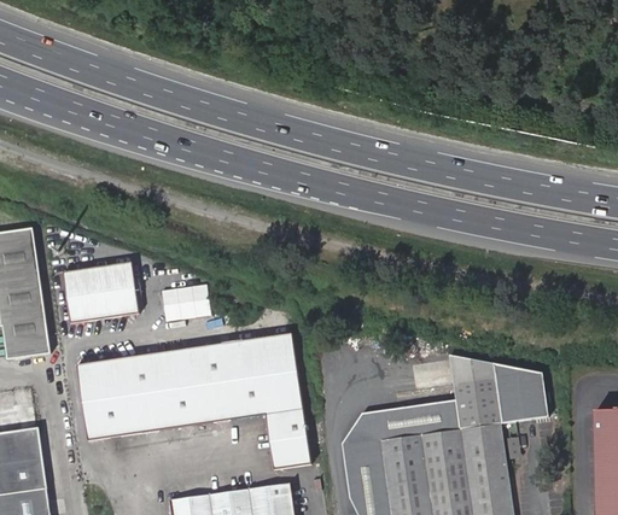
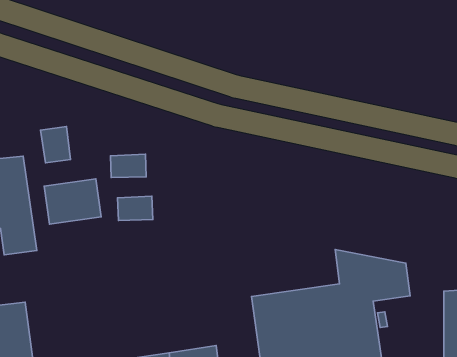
building: none -> [41,127,70,163]
building: none -> [110,154,146,178]
building: [75,332,309,468] -> none

